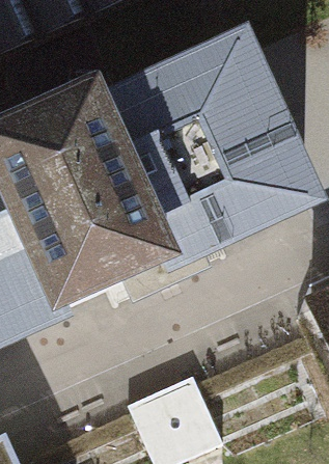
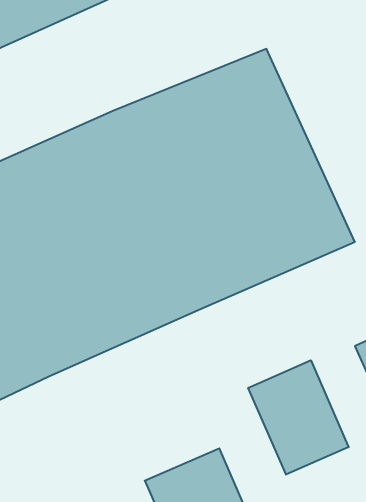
building: none -> [248,360,349,475]

